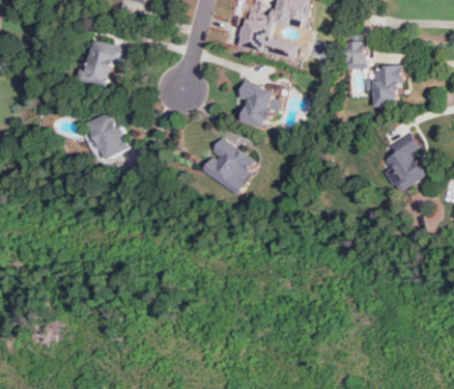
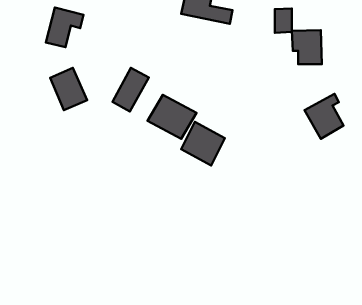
building: [238,83,278,126] -> none
building: none -> [113,68,149,112]
building: none -> [181,122,225,165]

